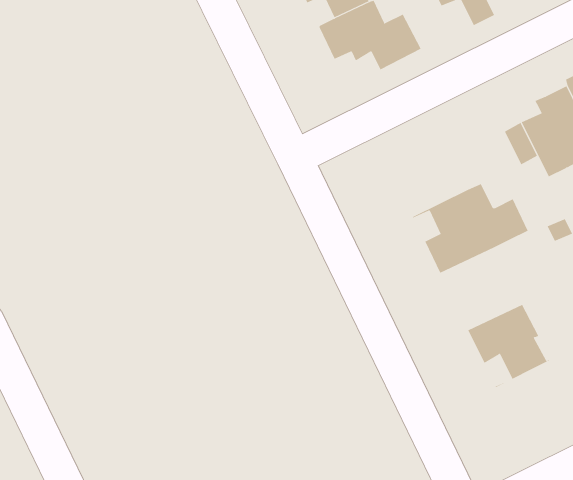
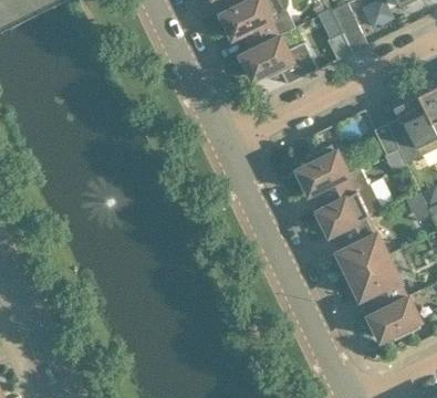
building: none -> [296,145,347,192]
building: none -> [327,214,387,274]
building: none -> [367,296,419,339]

